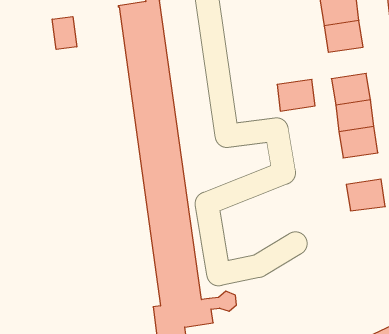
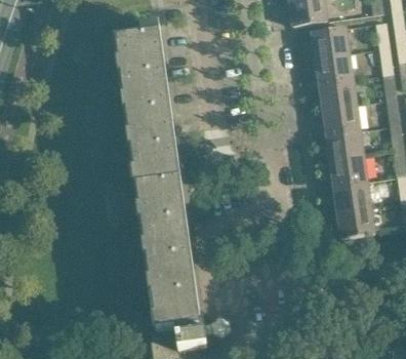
building: [52,17,77,49] -> none
building: [277,79,315,111] -> [320,79,357,110]
building: none -> [334,182,371,212]

